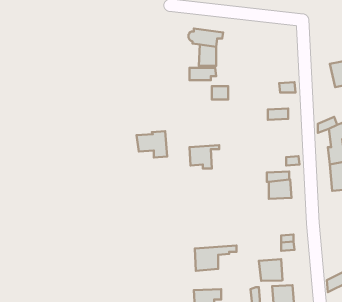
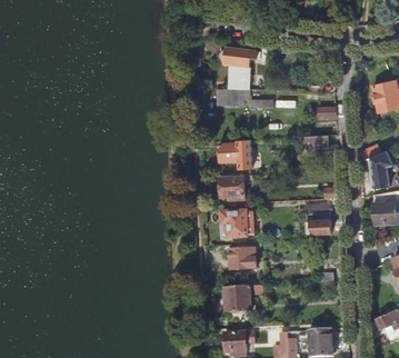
building: [137,131,167,158] -> [218,139,251,168]
building: none -> [221,209,252,235]
building: none -> [229,243,256,269]
building: [259,259,283,281] -> none

